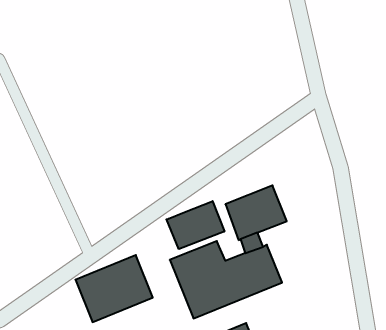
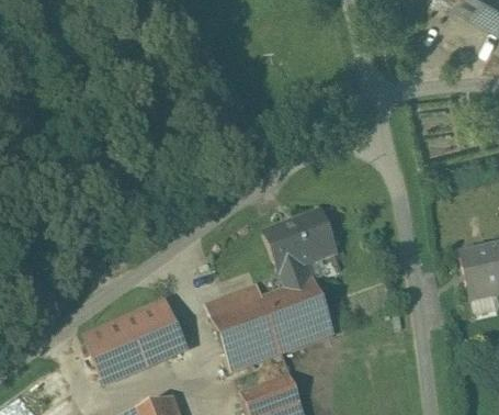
building: [166,201,224,249] -> none

